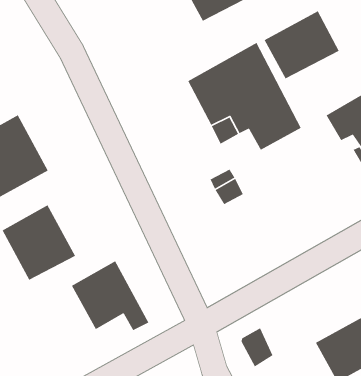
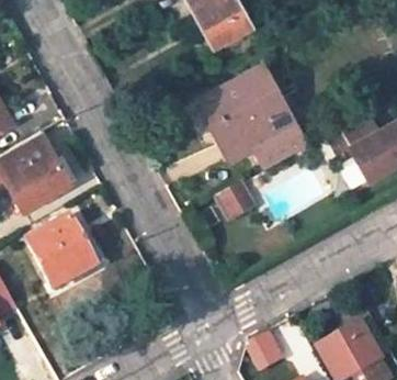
building: [264,10,340,80] -> none
building: [71,260,149,331] -> none

